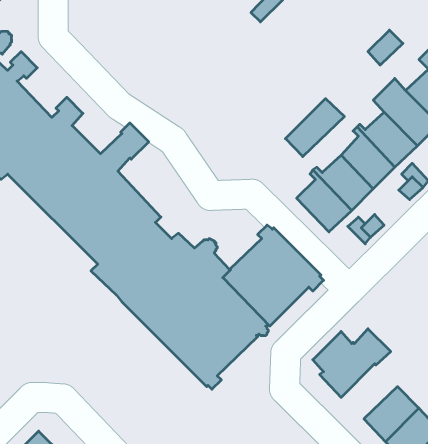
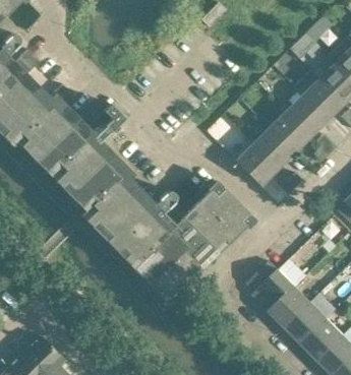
building: [285,99,344,157] -> none
building: none -> [270,286,312,327]

